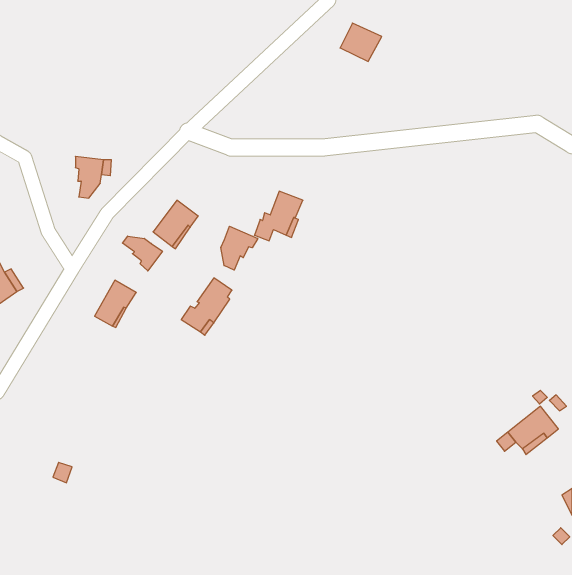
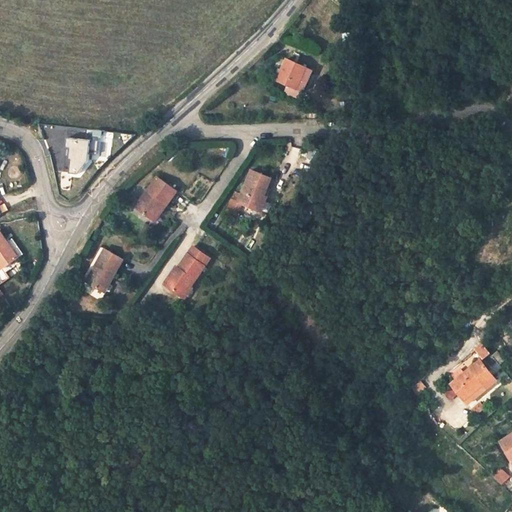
building: [340,23,382,61] -> [274,55,311,89]
building: [221,226,258,270] -> none
building: [122,236,162,271] -> none

